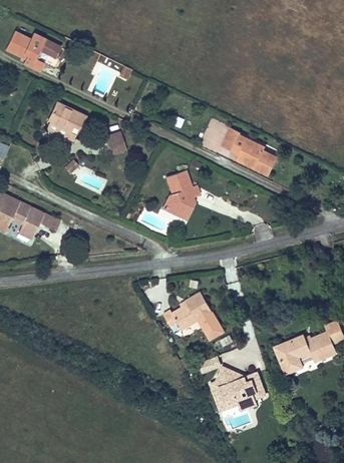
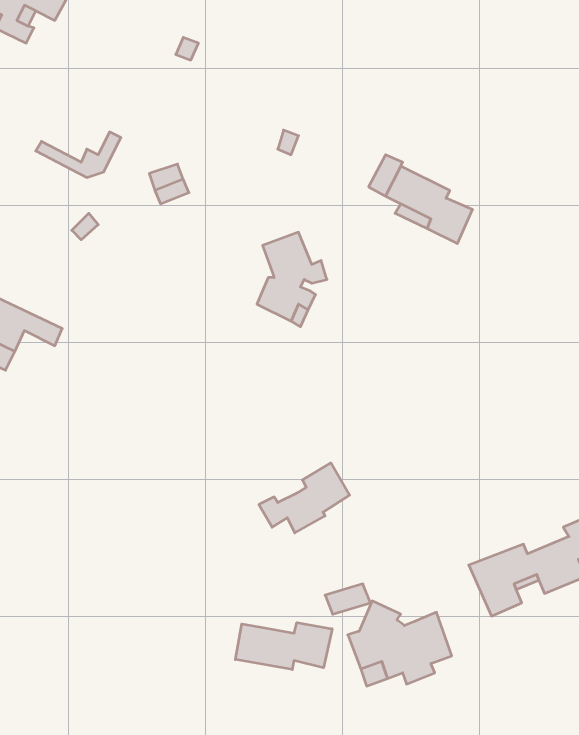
building: [48,103,84,132] -> none
building: [198,309,225,339] -> none
building: none -> [235,623,332,670]

